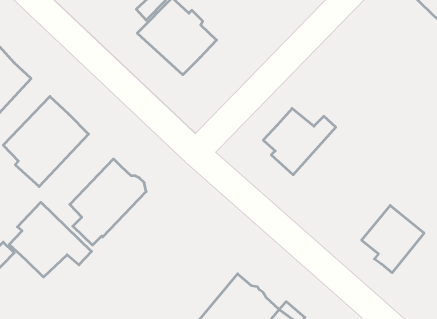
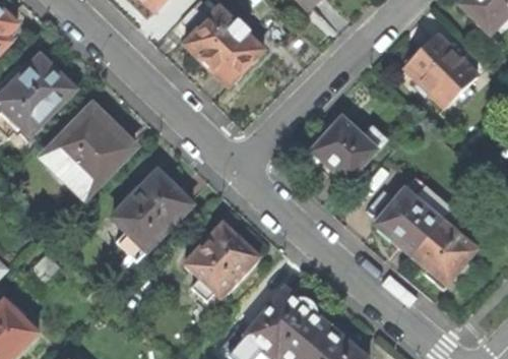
building: none -> [403,34,475,106]
building: none -> [374,174,452,253]
building: [9,202,92,277] -> none
building: none -> [183,222,258,300]

